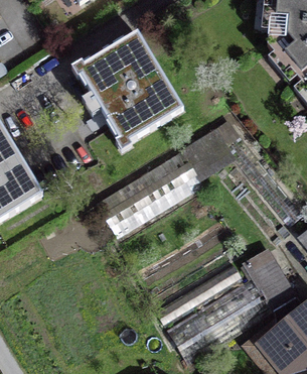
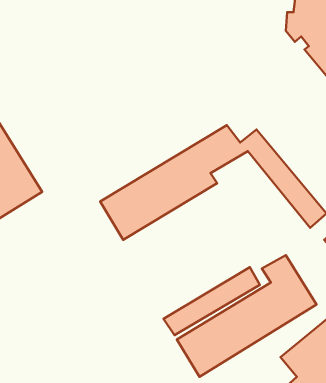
building: [78,32,183,142] -> none

